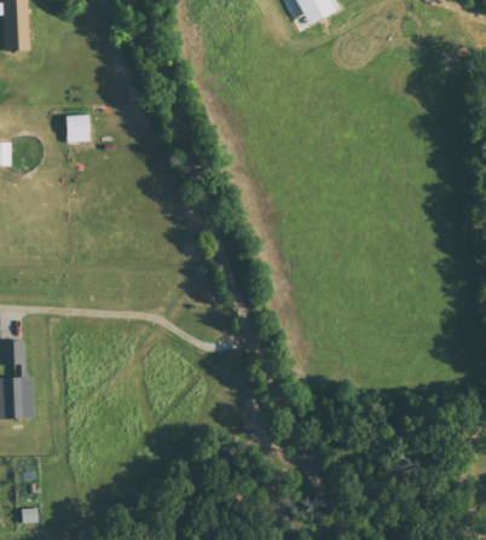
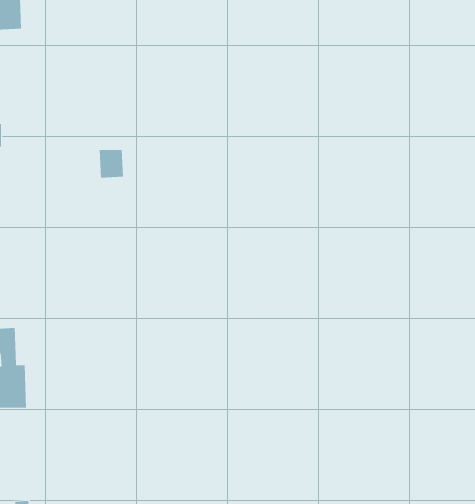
building: [63,116,87,144] -> [99,150,124,178]

